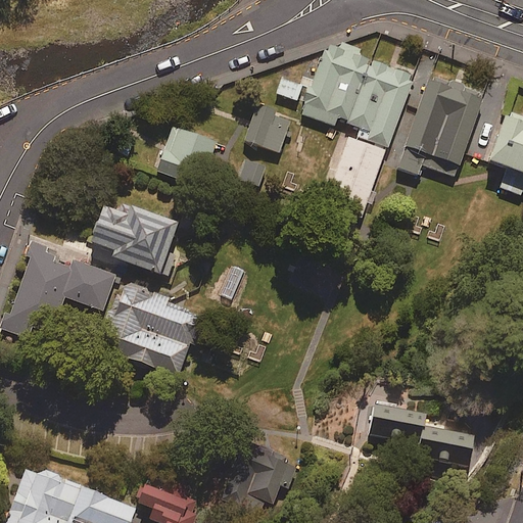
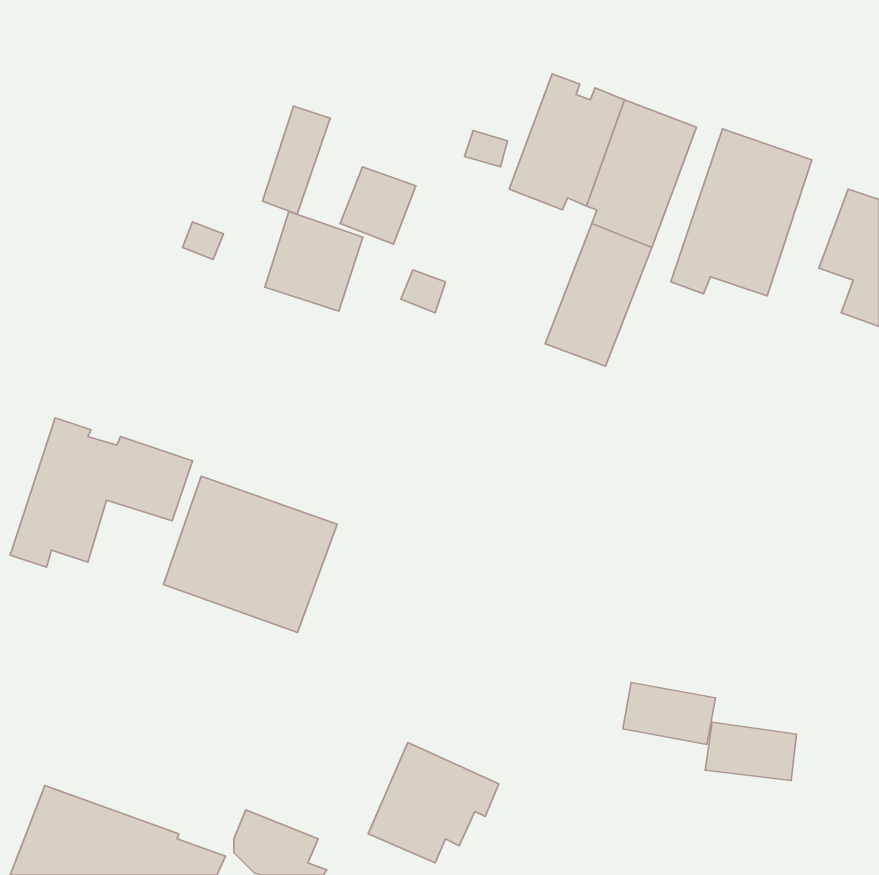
building: none -> [263,106,330,214]
building: [246,106,291,152] -> [340,167,416,244]
building: [90,206,176,276] -> none

